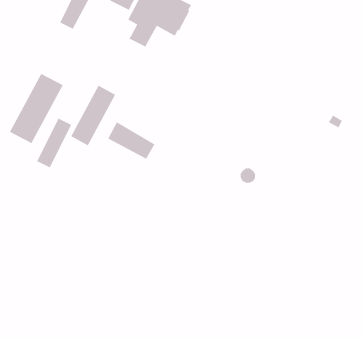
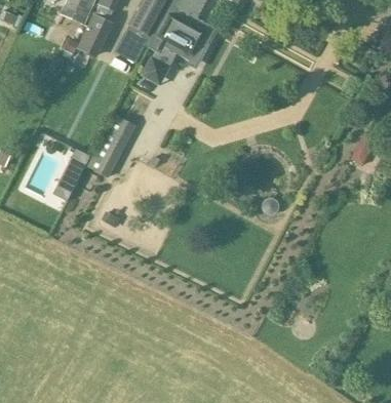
building: [9,73,64,144] -> none
building: [107,121,156,160] -> none

